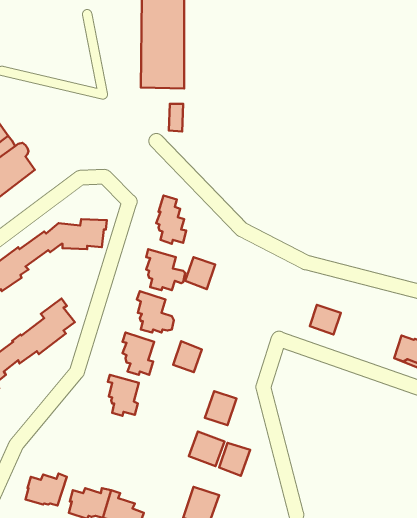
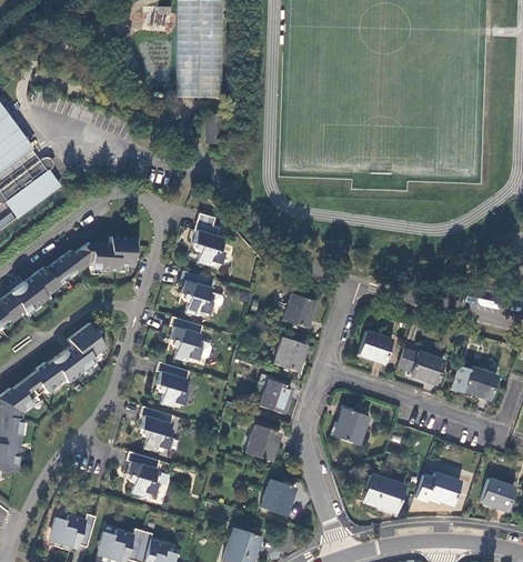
building: [185,257,215,289] -> [283,293,315,328]
building: none -> [274,338,305,371]
building: none -> [399,348,444,384]
building: [173,341,202,372] -> [260,379,291,412]
building: none -> [333,408,369,444]
building: none -> [128,451,161,495]
building: [189,431,225,466] -> none
building: none -> [362,473,405,513]
building: none -> [415,473,461,505]

